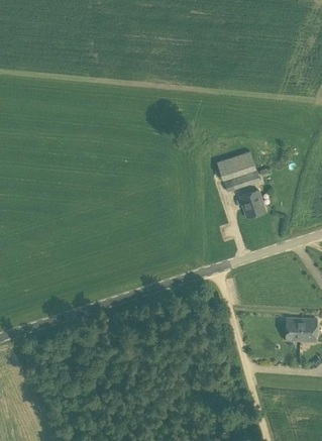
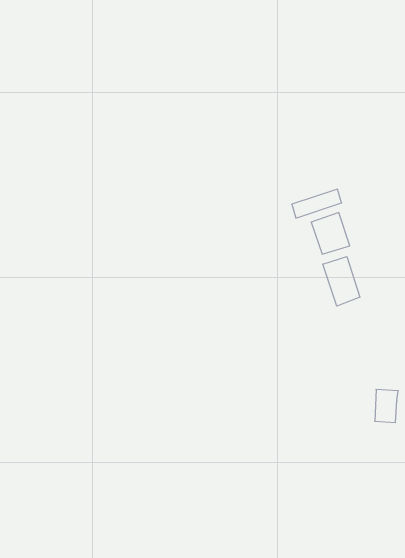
building: [229,150,255,176] -> none
building: none -> [323,257,360,306]

